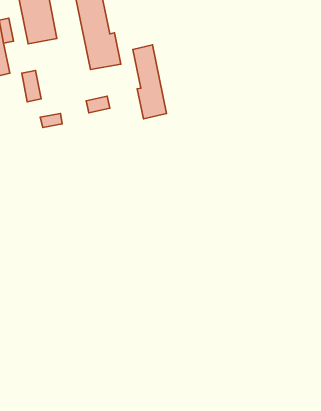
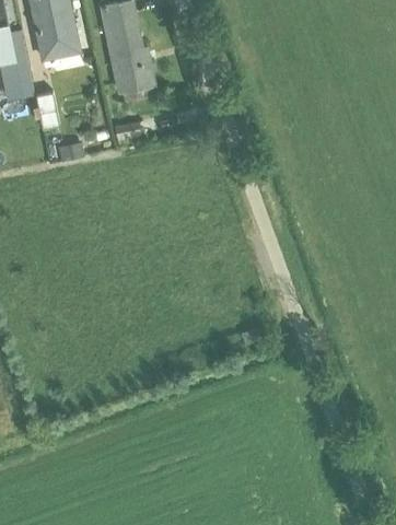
building: [133,45,167,119] -> none

